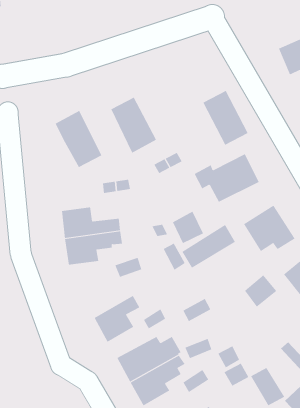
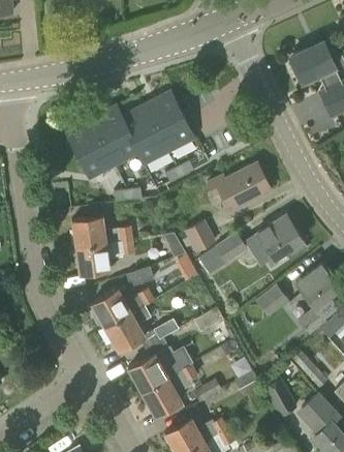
building: [202,90,249,146] -> [146,93,192,149]
building: none -> [91,107,138,164]
building: none -> [91,287,155,328]

